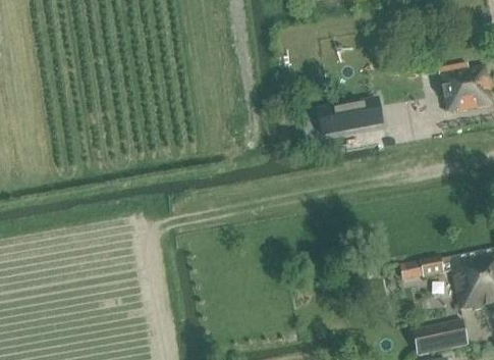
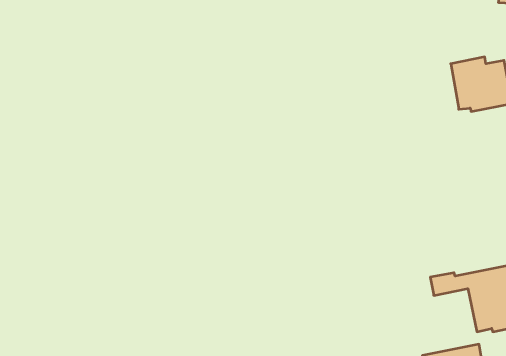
building: [326,99,375,131] -> none

